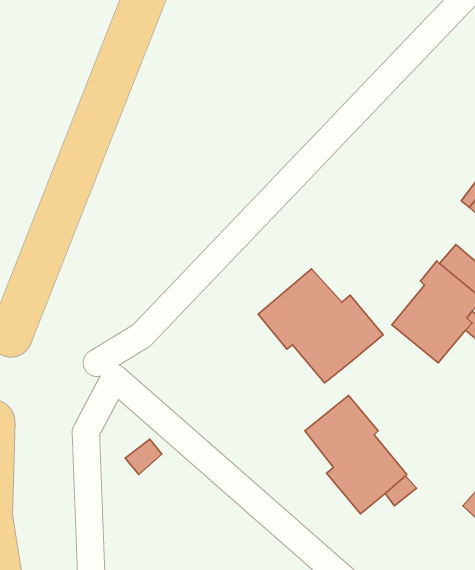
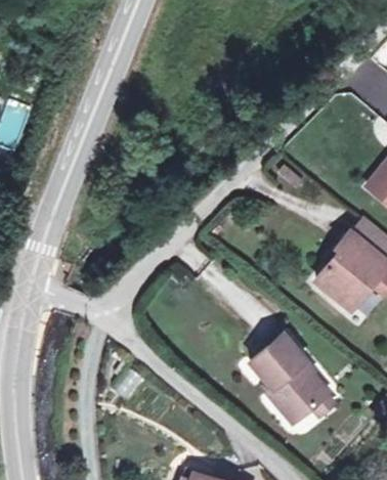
building: [258,269,383,383] -> none

